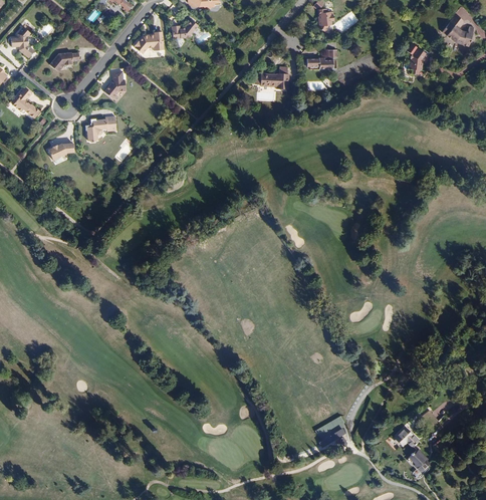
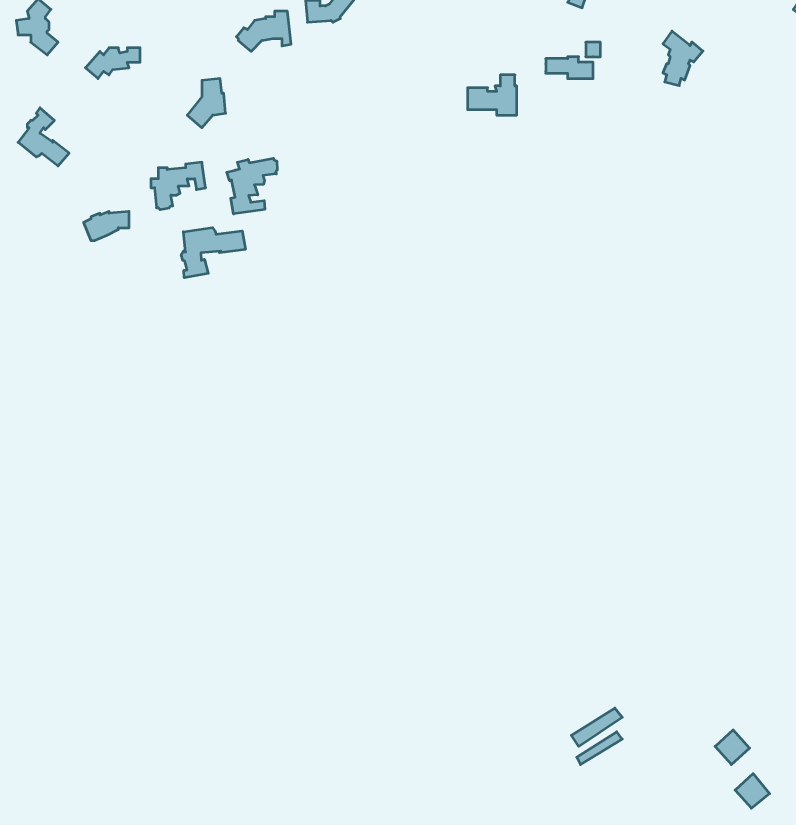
building: [407,44,429,74] -> [663,31,703,86]
building: none -> [227,158,277,214]
building: none -> [181,228,245,278]

